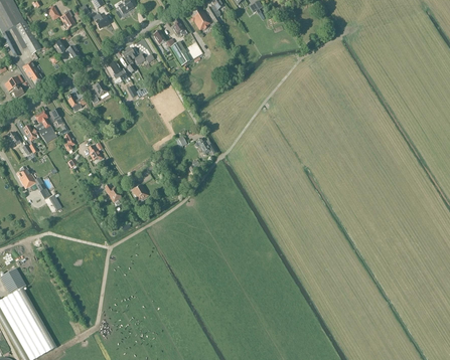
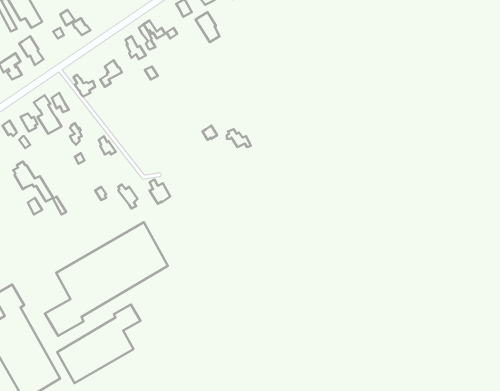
building: none -> [45,222,168,336]
building: none -> [57,305,140,383]

